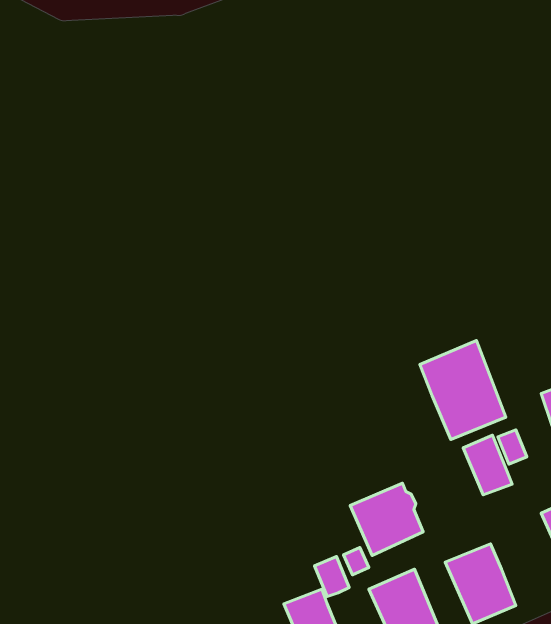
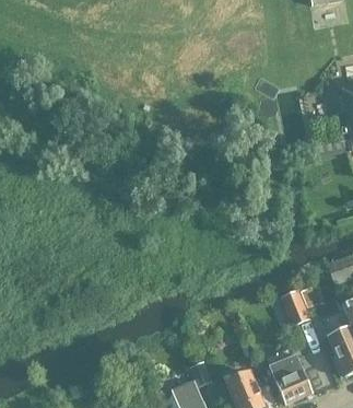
building: [420,340,506,439] -> none
building: [350,483,423,555] -> none

